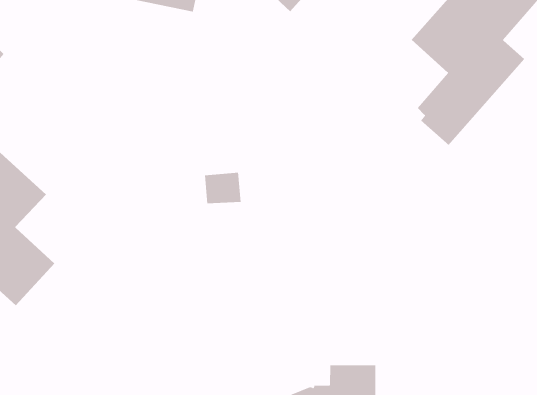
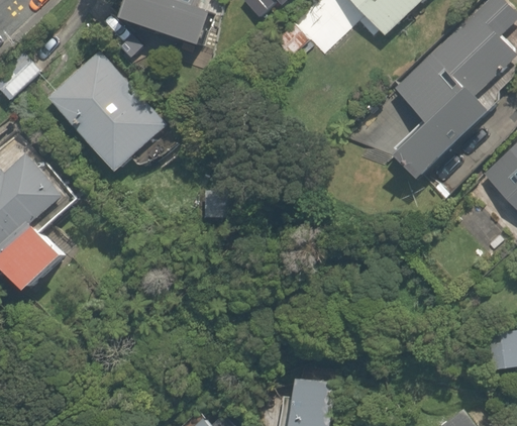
building: none -> [46,48,171,175]

